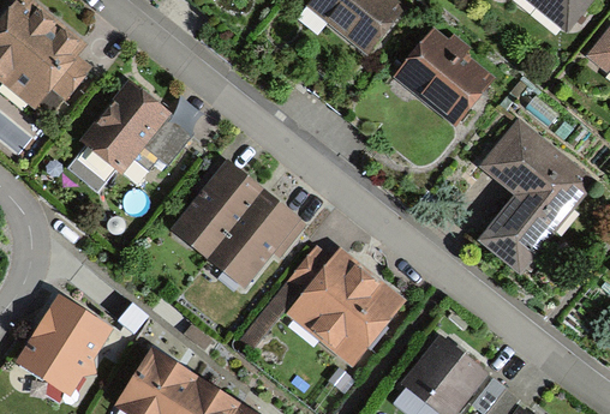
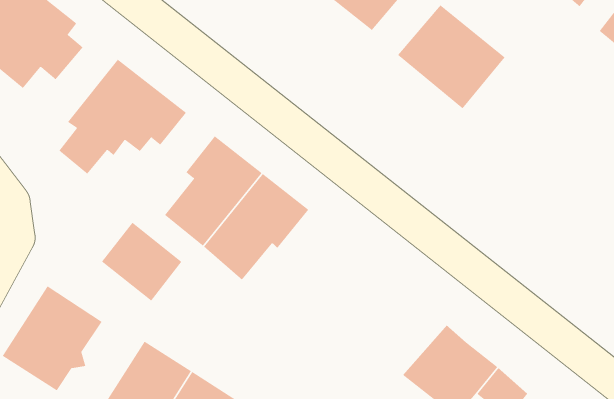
building: [474,118,587,277] -> none
building: none -> [101,222,182,301]
building: [239,246,407,368] -> none

